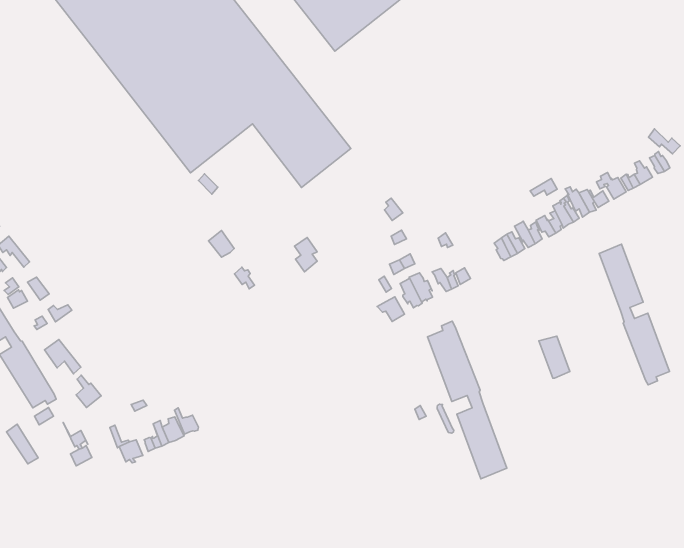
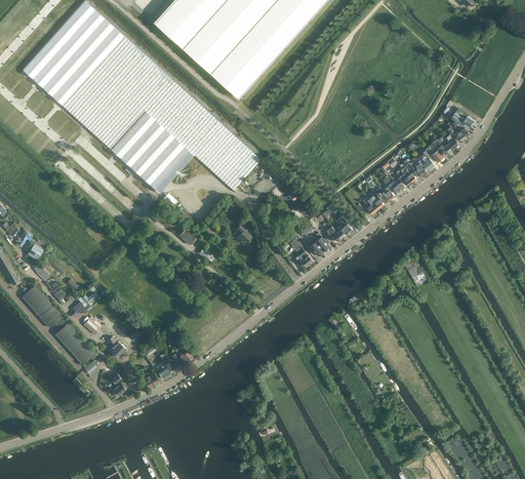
building: [599,244,669,385] -> none
building: [428,321,507,479] -> none

